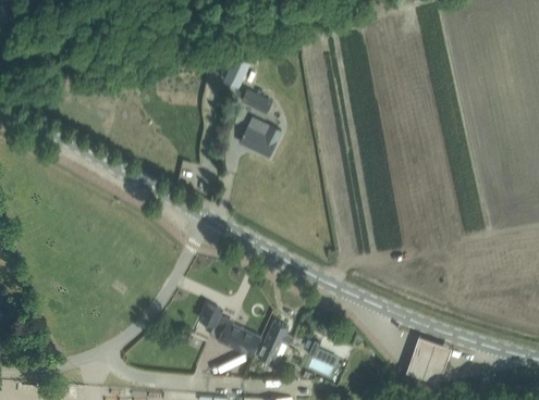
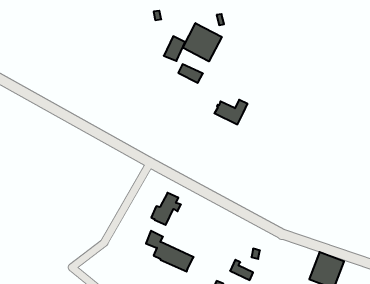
building: none -> [183,23,222,61]
building: [238,126,281,158] -> [214,100,248,124]
building: [253,322,291,363] -> [151,193,181,225]

